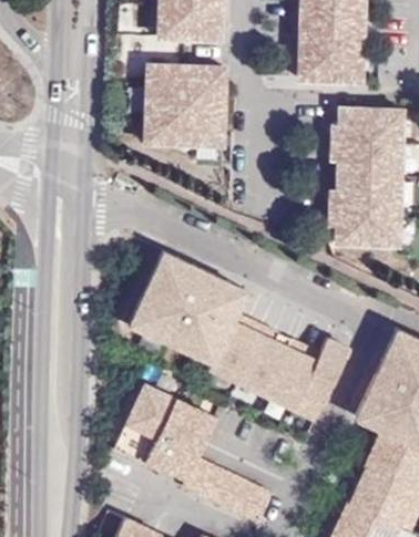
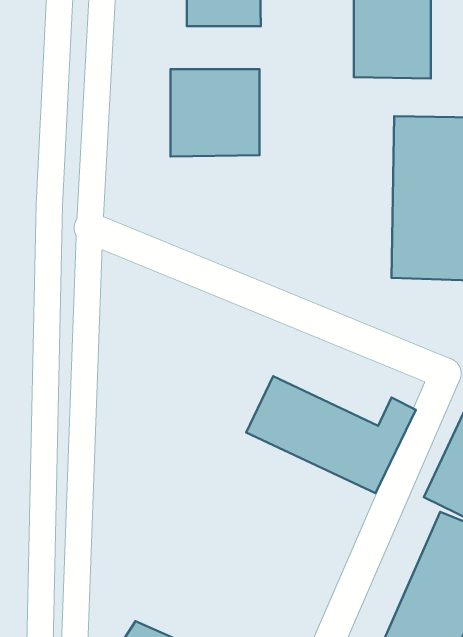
building: [129,255,242,361] -> none
building: [111,380,213,478] -> none
building: [184,459,273,524] -> none

